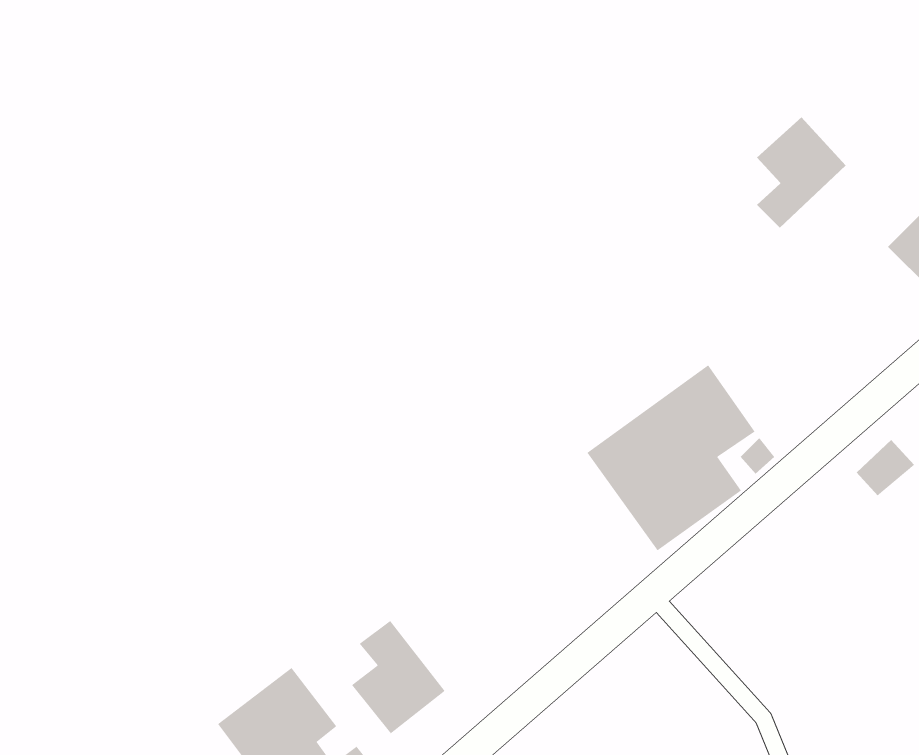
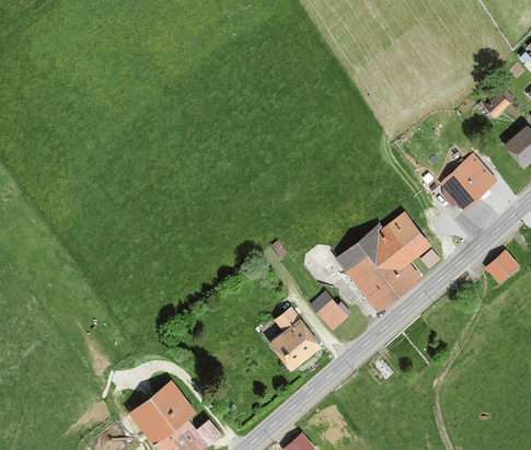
building: [756,116,847,228] -> [438,159,488,221]
building: none -> [308,292,348,332]
building: [351,620,445,734] -> [268,305,321,369]

